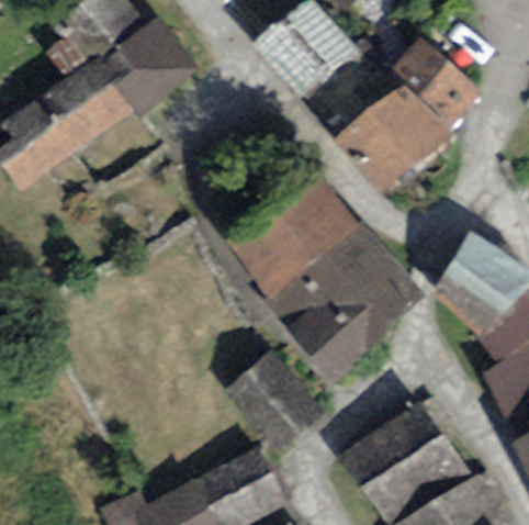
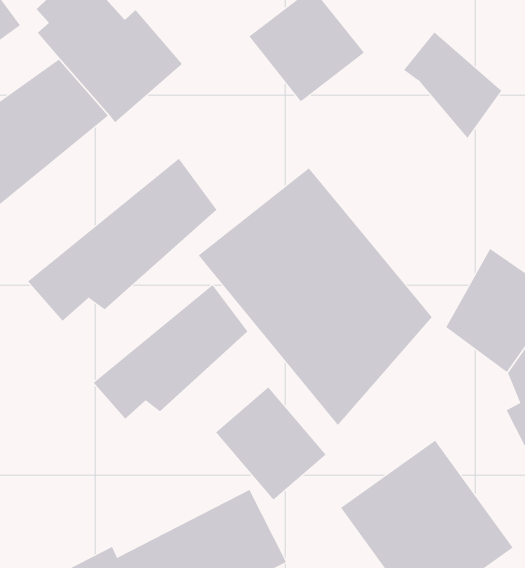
building: [339,80,450,188] -> none
building: none -> [27,158,217,321]
building: none -> [93,284,248,419]

